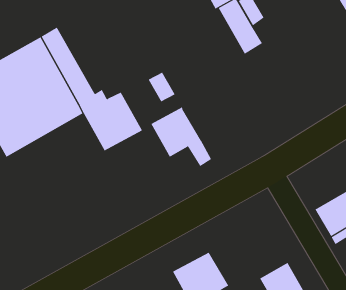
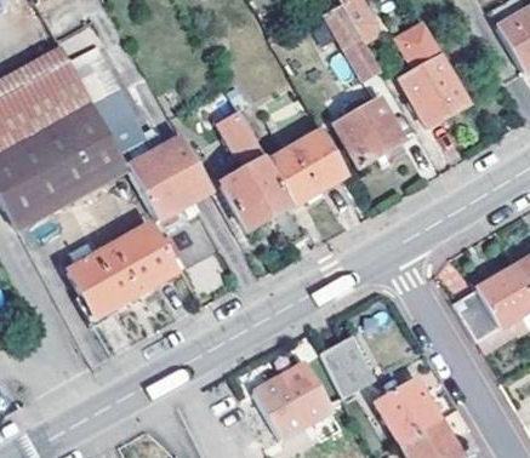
building: none -> [394,22,466,125]
building: none -> [338,96,406,165]
building: none -> [268,133,346,205]
building: none -> [68,219,183,319]
building: none -> [320,334,375,396]

